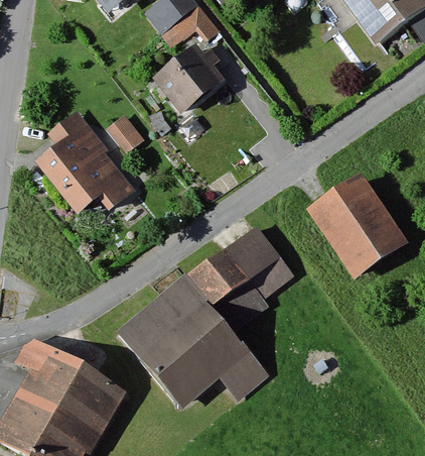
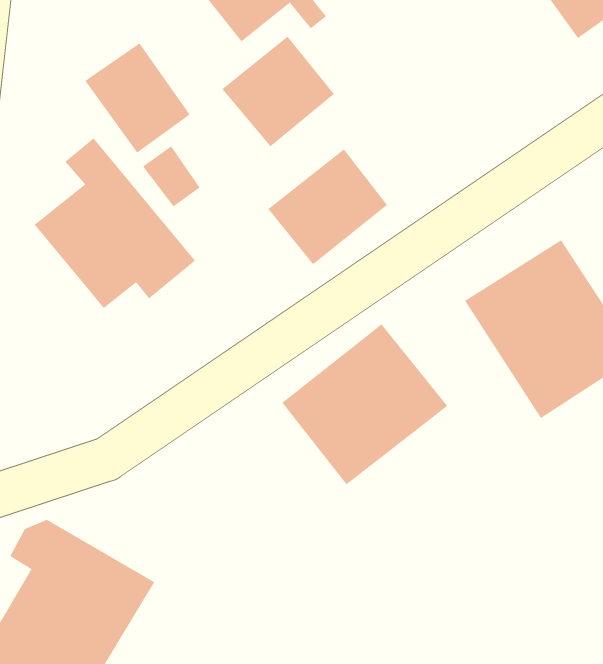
building: none -> [84,43,191,153]
building: none -> [268,149,388,265]
building: [118,272,271,408] -> none

